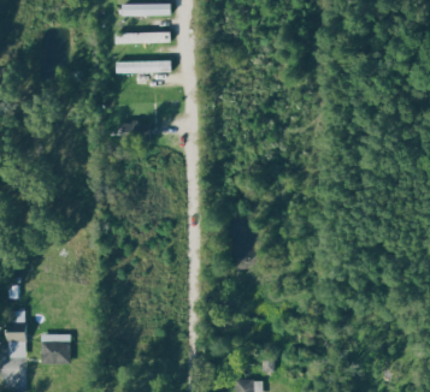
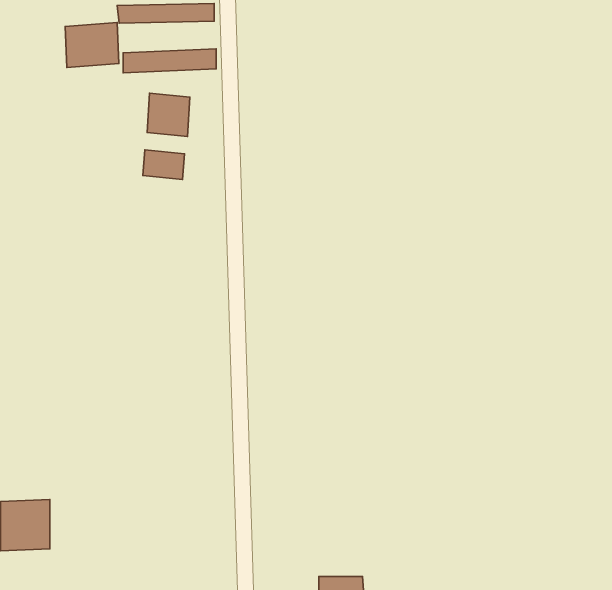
building: none -> [65,23,119,67]
building: none -> [147,93,190,136]

